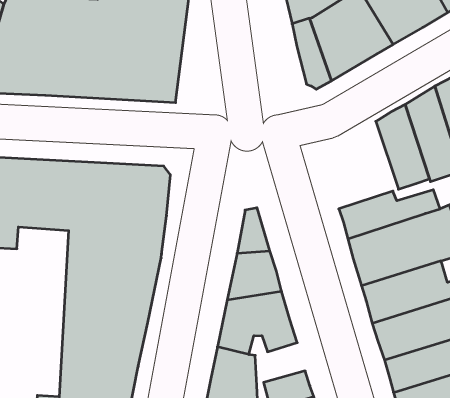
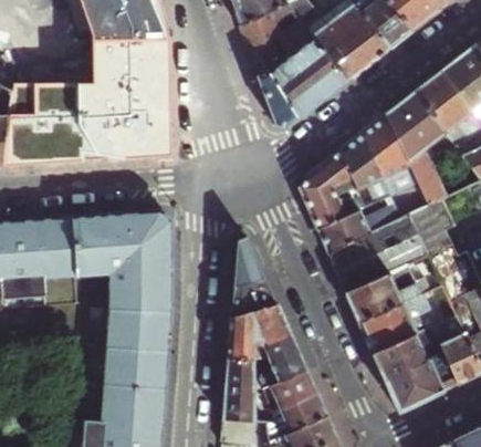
building: none -> [301,149,366,228]
building: none -> [262,346,306,387]

